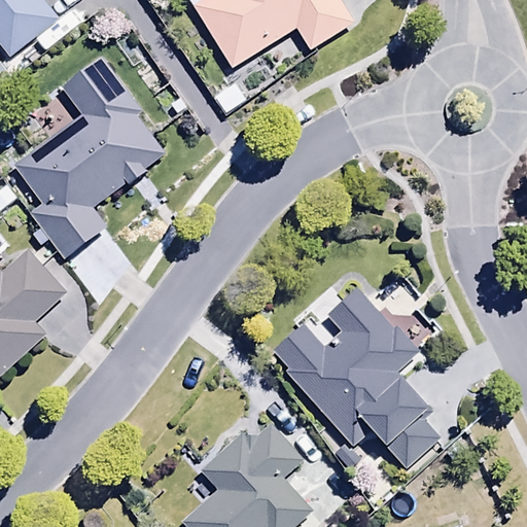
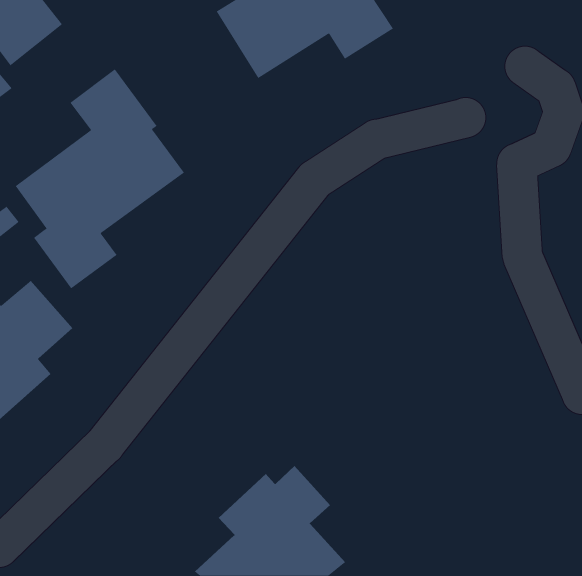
building: [270,281,441,465] -> none

